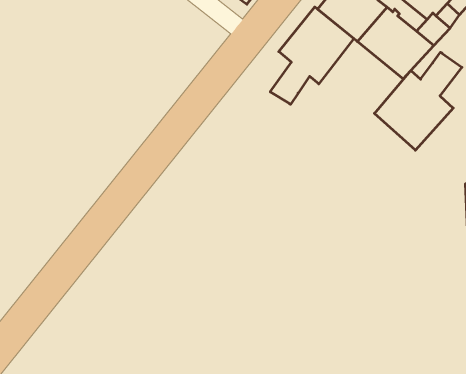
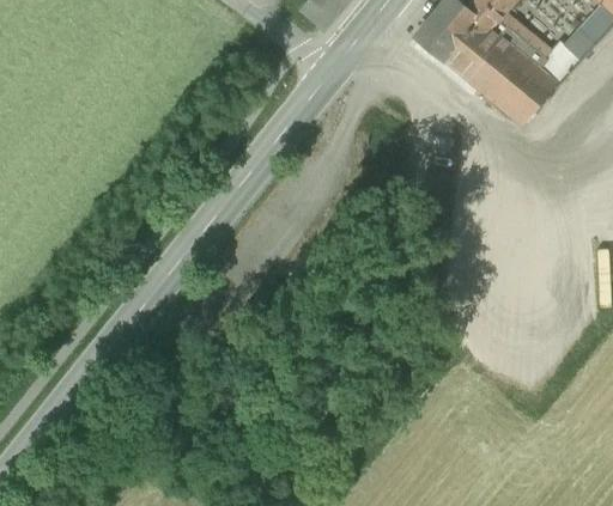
building: [270,7,354,104] -> none
building: [374,52,462,150] -> none

